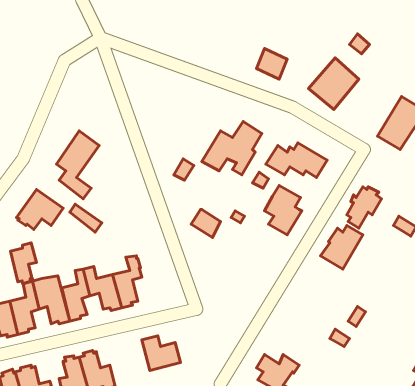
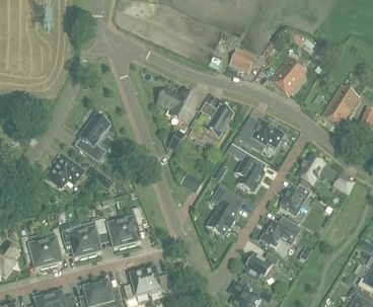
building: none -> [158,87,200,122]
building: none -> [209,185,238,234]
building: [10,243,36,283] -> none
building: none -> [259,219,301,246]
building: none -> [242,252,279,281]
building: none -> [123,271,149,298]

